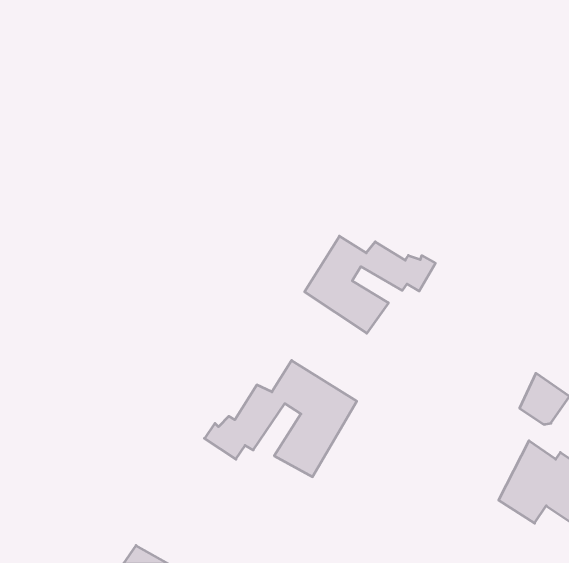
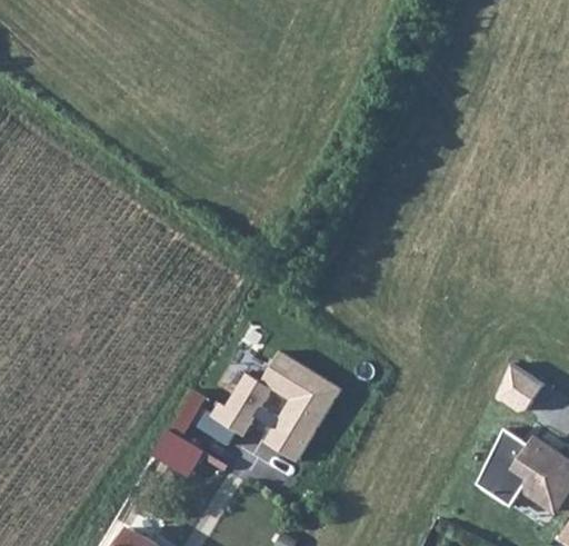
building: [305,236,435,333] -> none
building: none -> [151,391,206,478]

